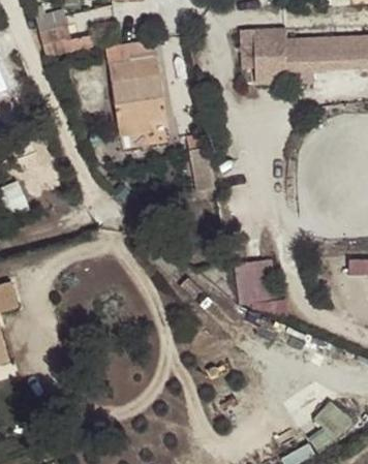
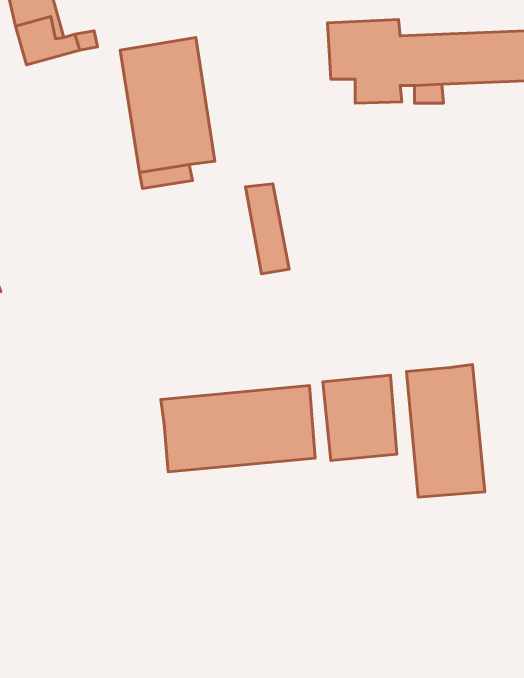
building: none -> [406,365,485,497]
building: none -> [161,385,315,472]

